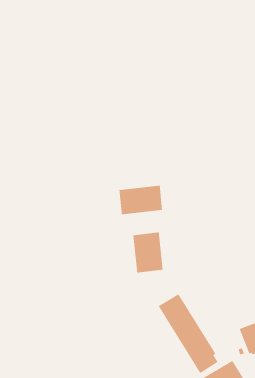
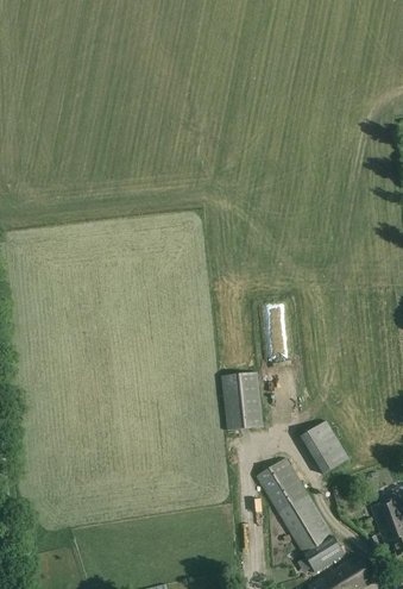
building: [119,185,163,215] -> none
building: none -> [302,421,351,475]

